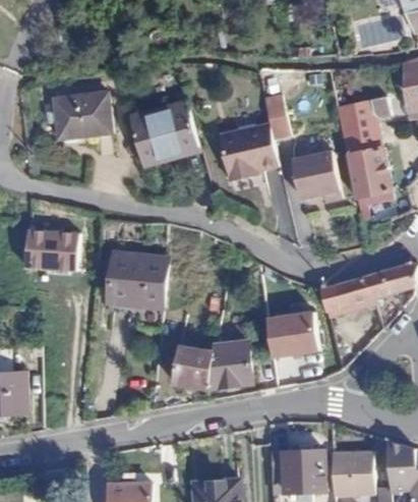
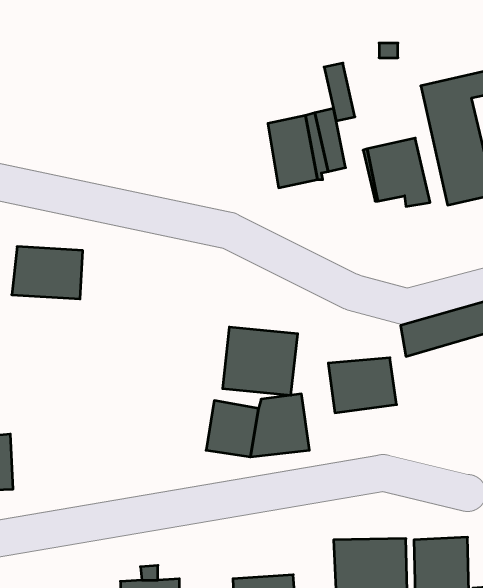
building: [53,93,111,138] -> none
building: [128,100,198,164] -> none
building: [108,260,165,312] -> [223,327,298,395]

